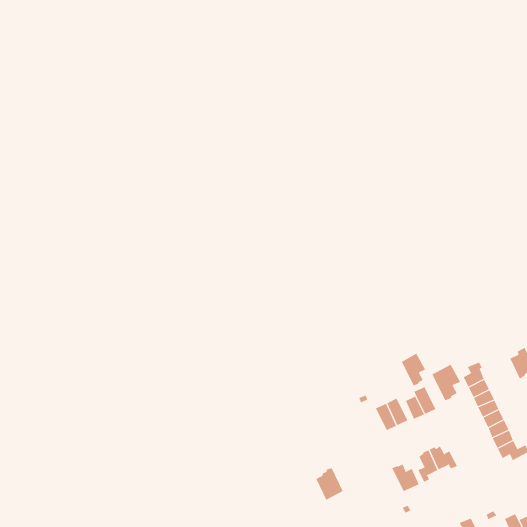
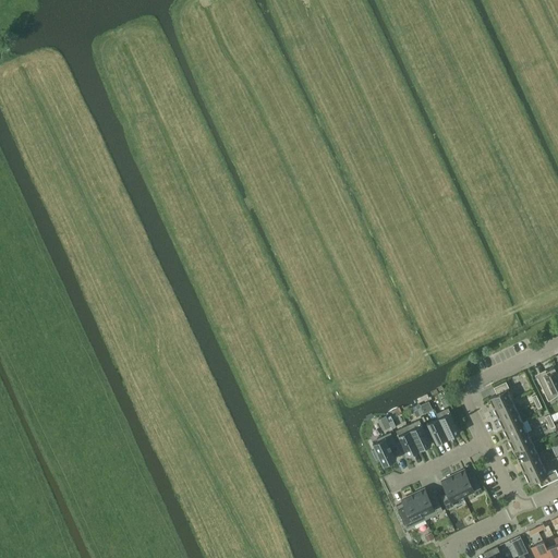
building: [401,353,426,387] -> none
building: [432,364,461,401] -> none
building: none -> [373,433,398,465]
building: [315,467,343,500] -> [397,495,426,530]

